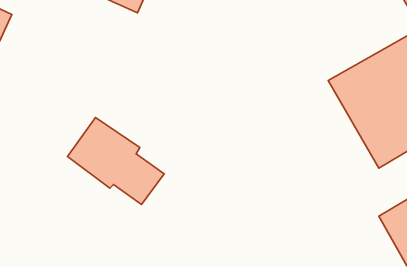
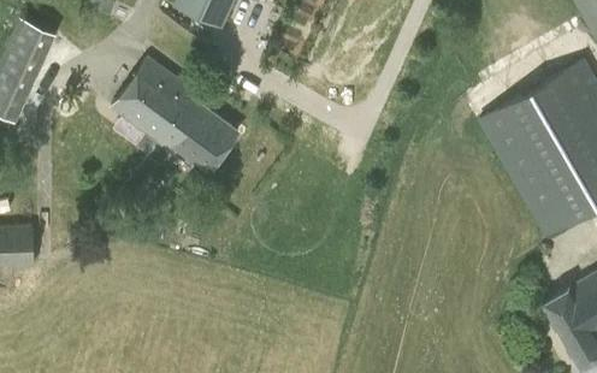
building: [67,118,164,204] -> [111,59,240,174]

